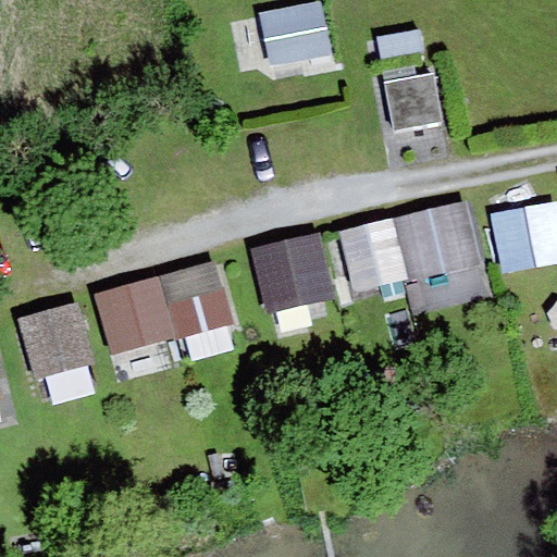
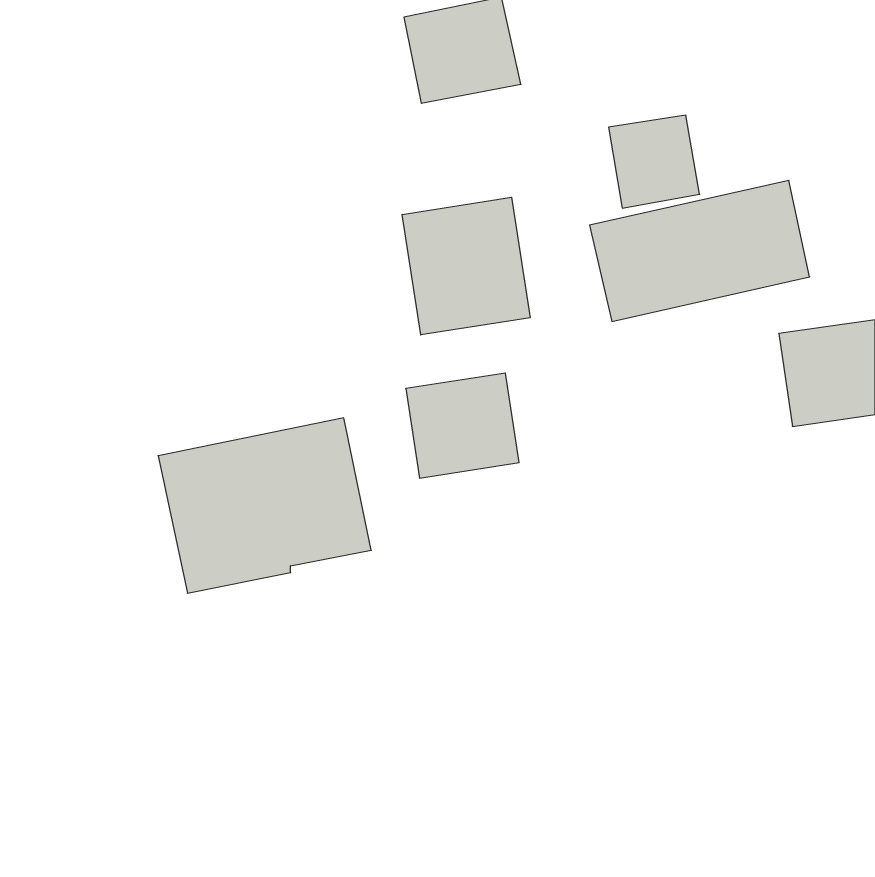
building: none -> [402,197,530,335]
building: [338,202,478,292] -> [590,180,810,321]
building: [18,305,89,379] -> none

